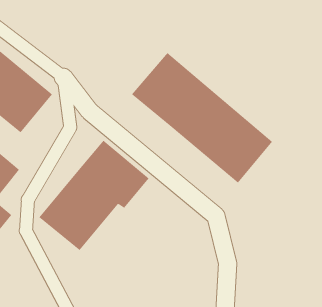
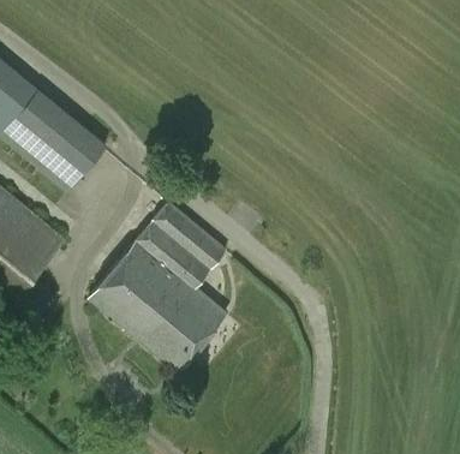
building: [131,52,273,183] -> none
building: none -> [141,282,227,371]

